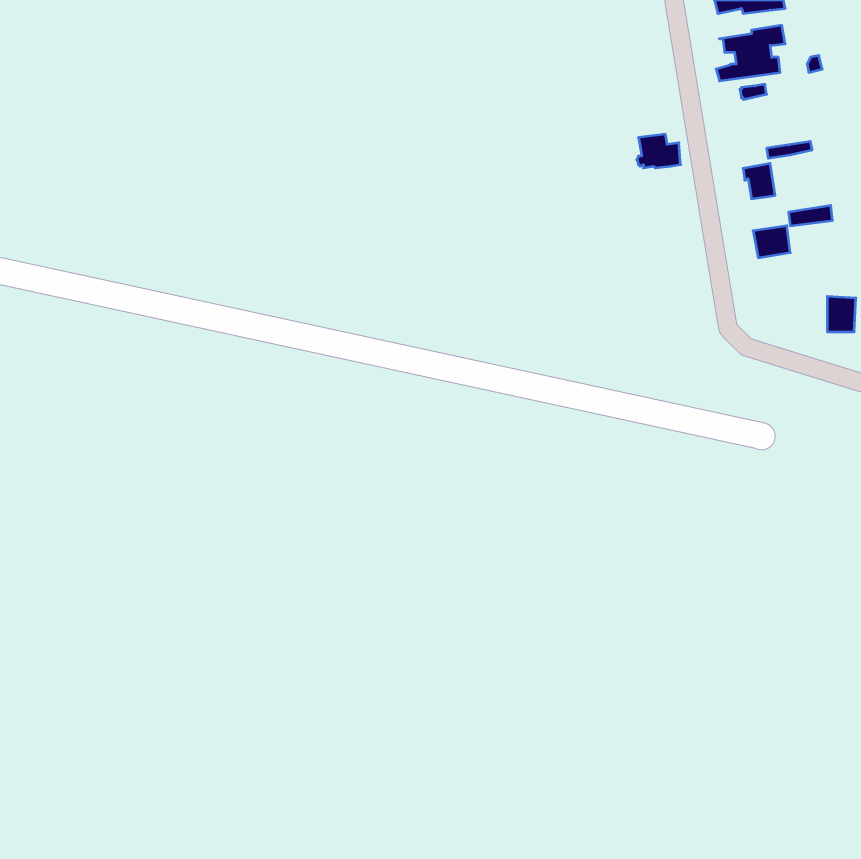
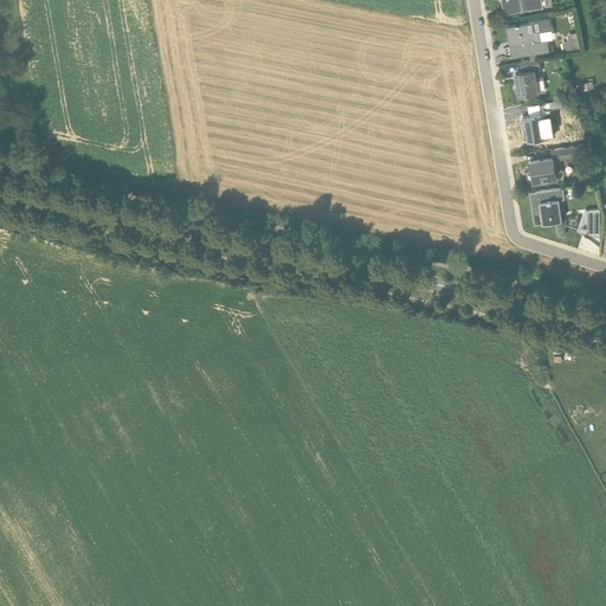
building: [637,134,681,168] -> [514,72,544,96]
building: none -> [529,188,565,226]

